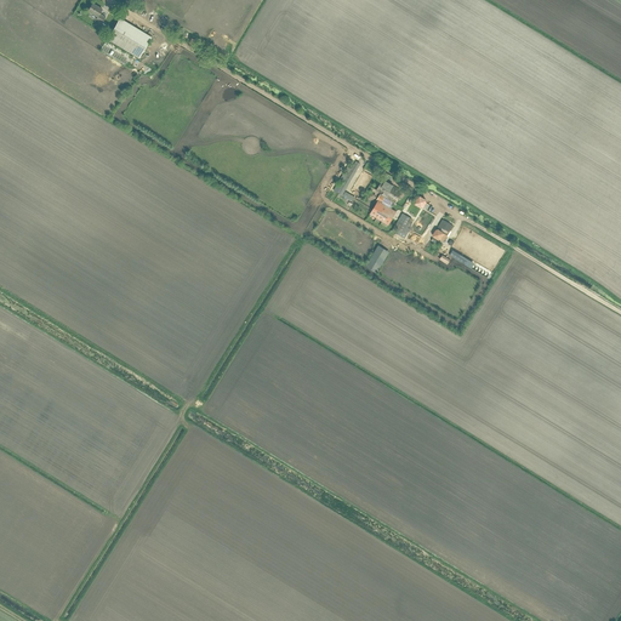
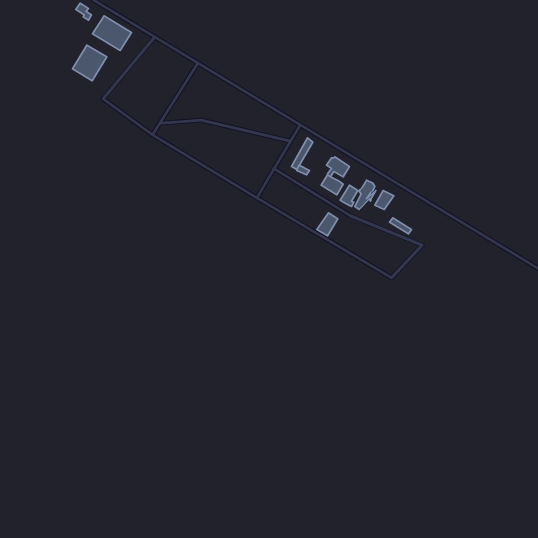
building: none -> [72,45,107,81]

